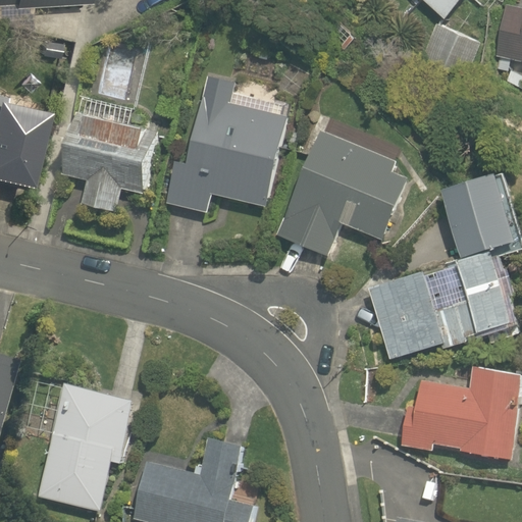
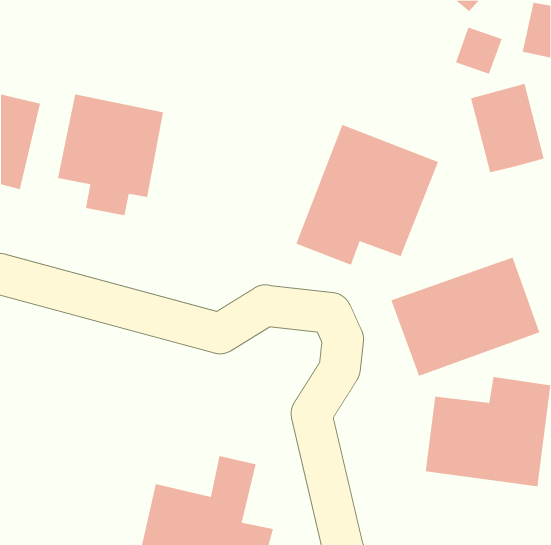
building: [171,79,290,215] -> none
building: [440,170,511,255] -> [470,83,544,173]
building: [41,379,136,510] -> none

